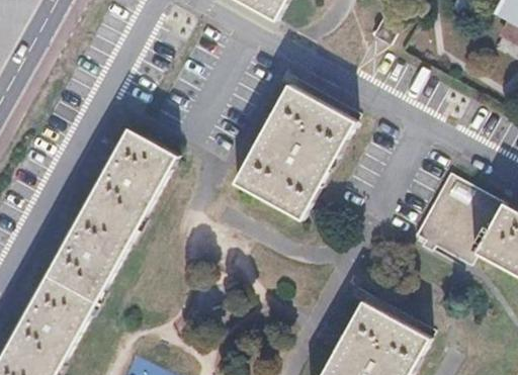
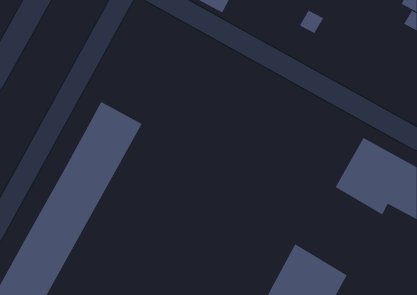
building: [234,84,354,217] -> none

